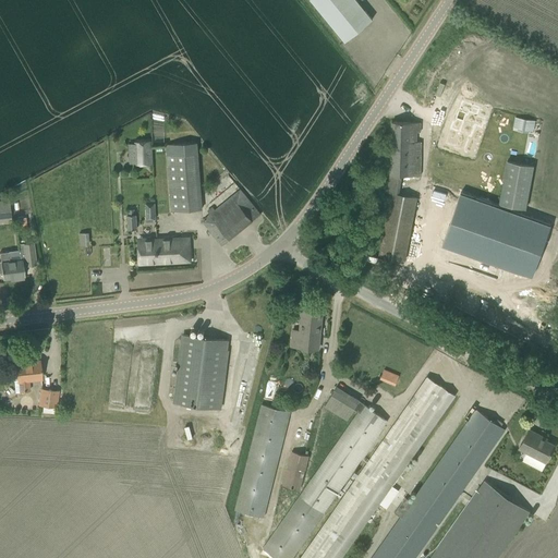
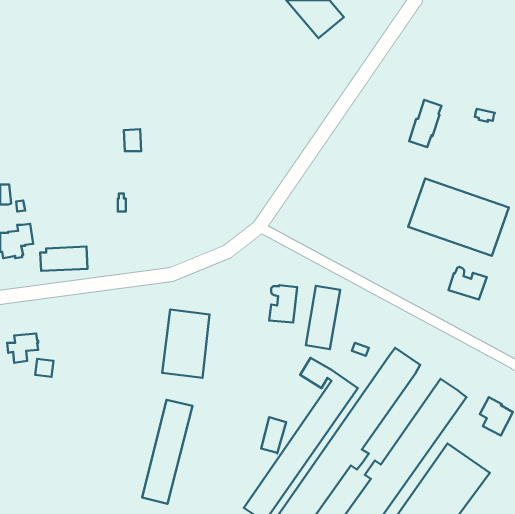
building: [389,123,421,177] -> none
building: [166,144,203,213] -> none
building: [499,162,534,209] -> none
building: [208,191,259,246] -> none
building: [379,193,416,262] -> [306,286,340,349]
building: [138,239,190,265] -> [40,247,88,271]
building: none -> [448,267,487,300]
building: [235,405,290,518] -> [142,400,193,504]

